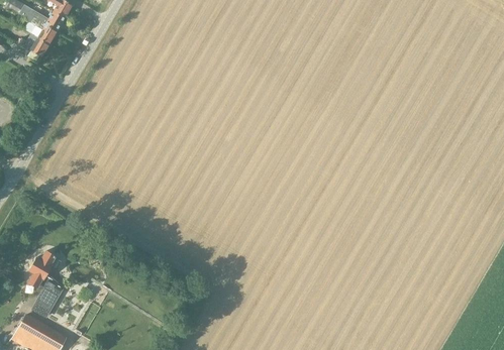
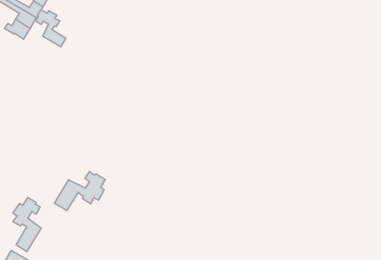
building: none -> [36,10,66,47]
building: none -> [54,172,105,210]

